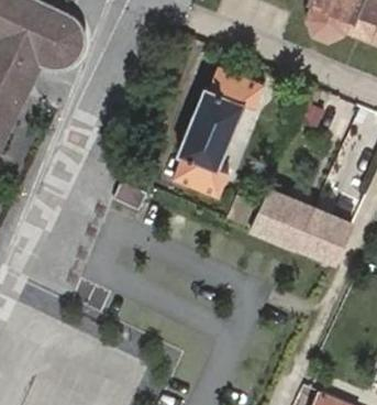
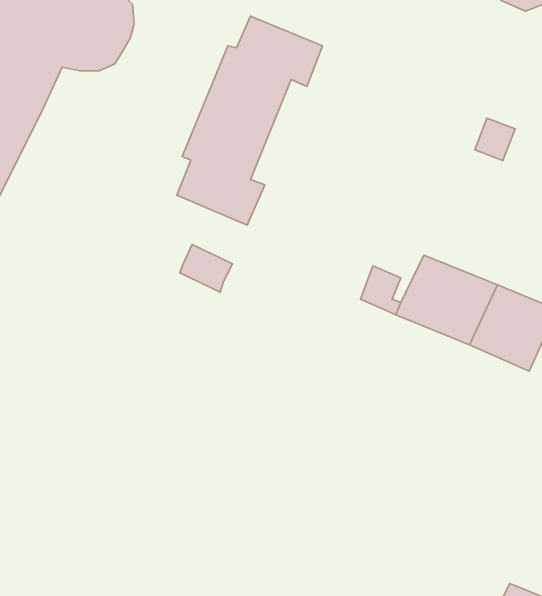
building: [171,65,263,196] -> [177,16,323,225]

